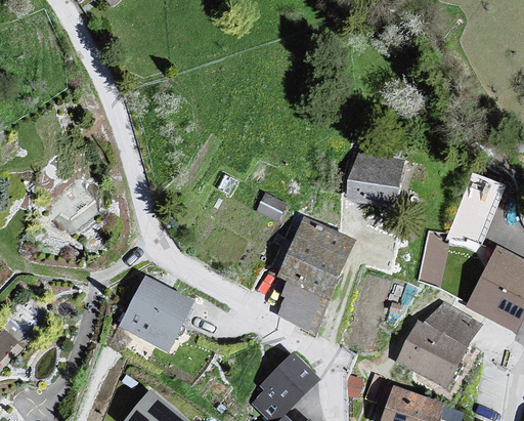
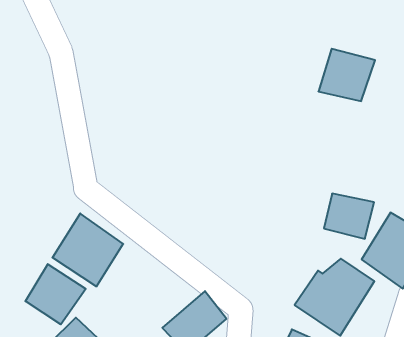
building: [347,150,408,206] -> [318,49,375,101]
building: [273,213,356,334] -> none
building: none -> [25,264,86,324]

